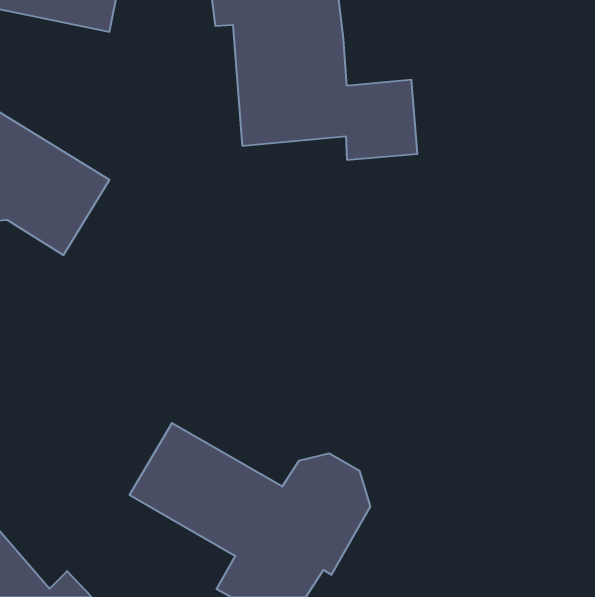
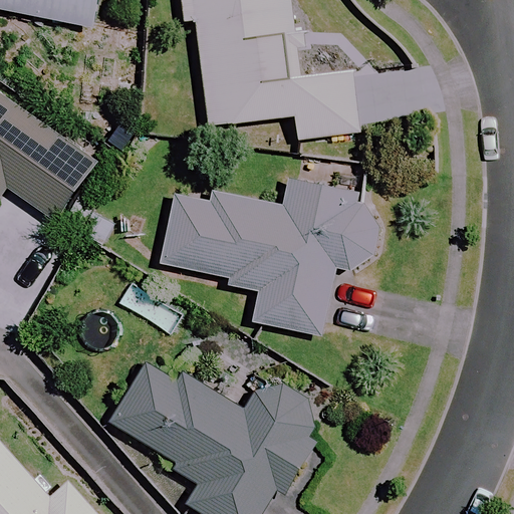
building: none -> [161,182,377,335]

